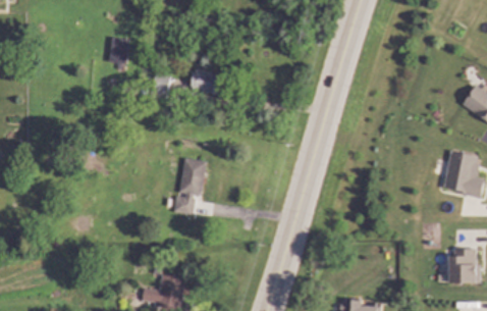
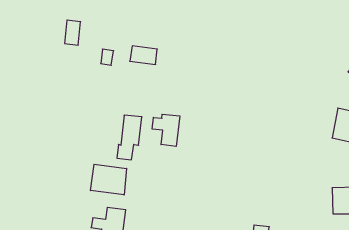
building: none -> [152,114,180,146]
building: none -> [91,164,127,195]

